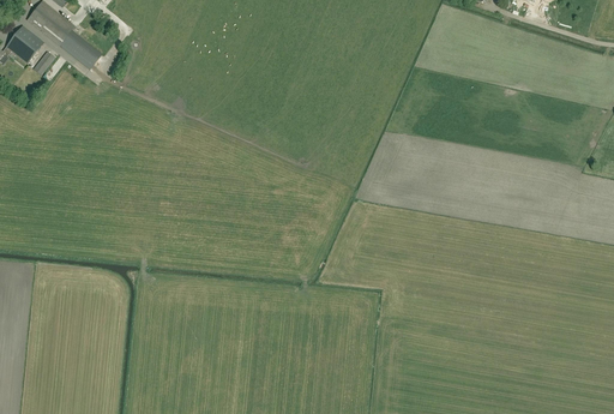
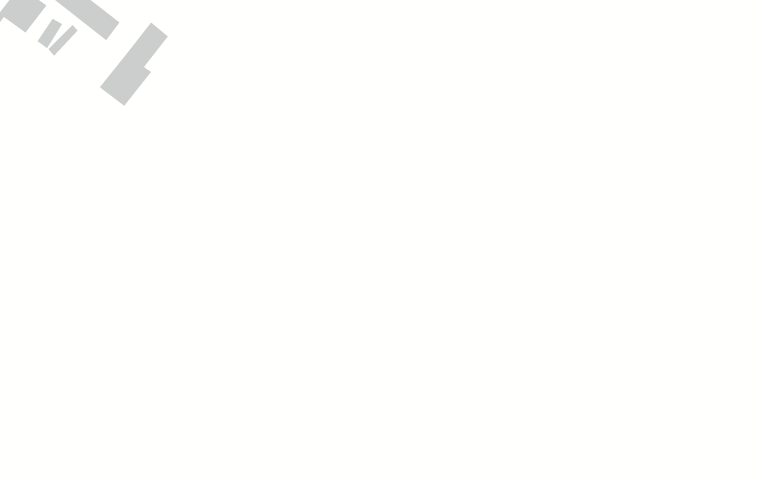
building: none -> [99,22,169,107]

